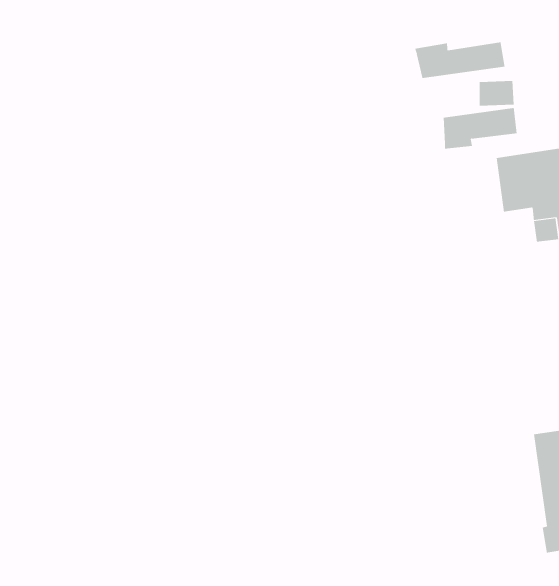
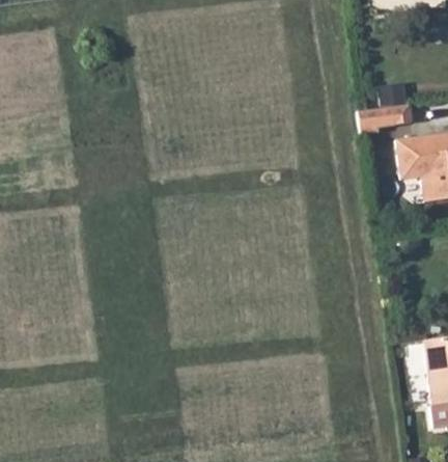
building: [415,42,505,79] -> none

